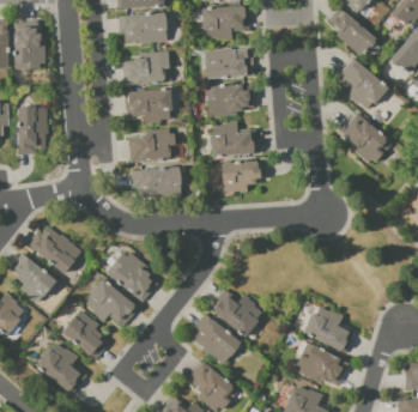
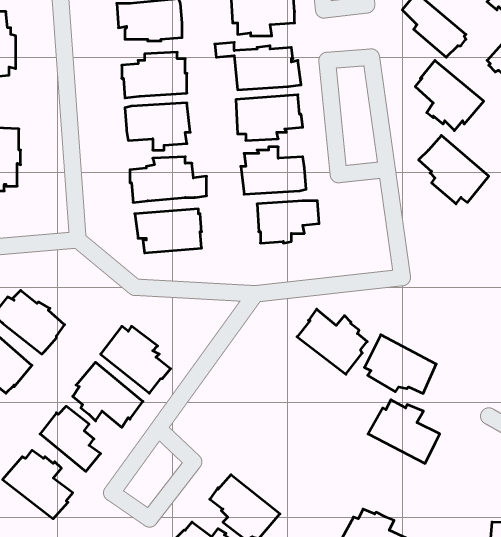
building: [210,289,261,337] -> [297,309,367,374]
building: [190,314,241,365] -> none
building: [296,341,349,384] -> [364,335,436,393]

